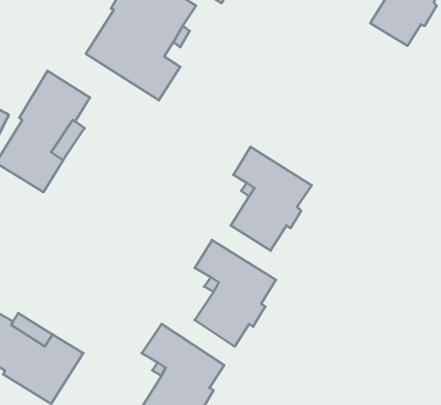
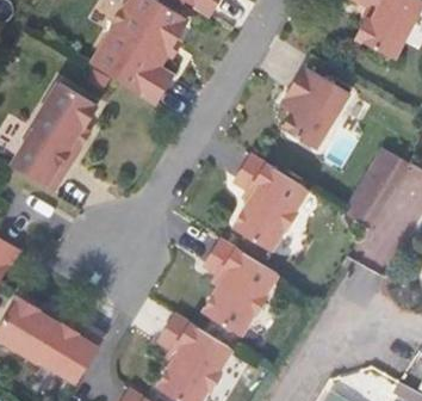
building: none -> [285,66,353,148]
building: none -> [340,146,405,223]

